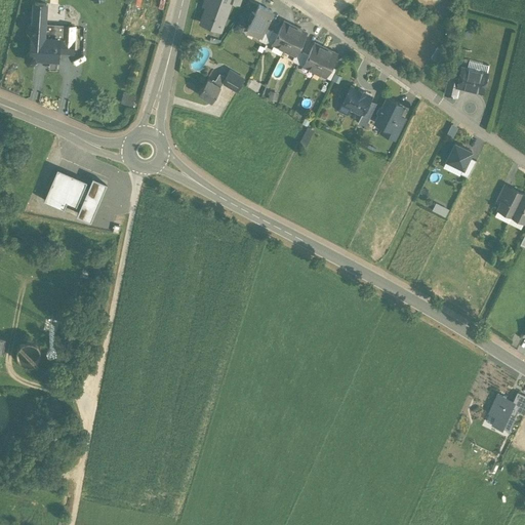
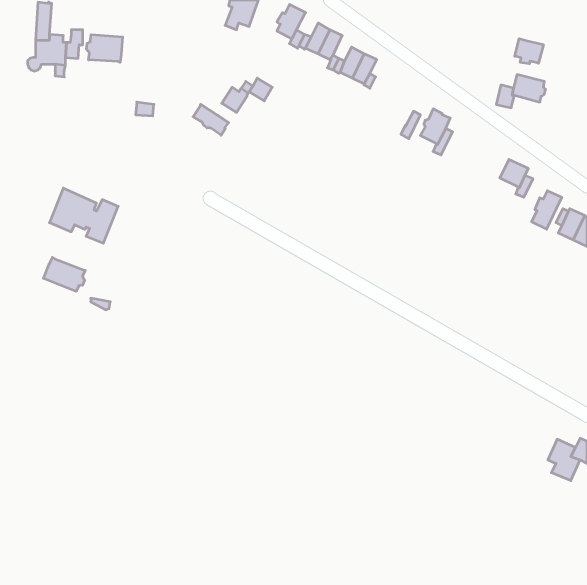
building: none -> [87,35,123,62]
building: none -> [515,39,543,64]
building: [342,87,370,114] -> none
building: none -> [193,104,229,135]
building: none -> [532,191,562,229]
building: none -> [43,257,85,291]

